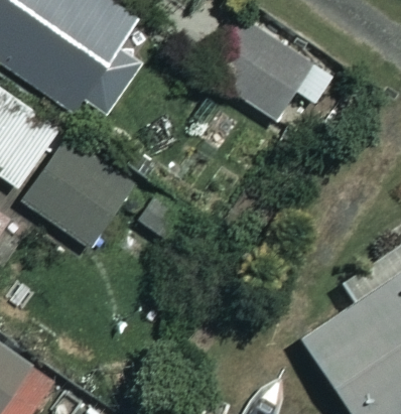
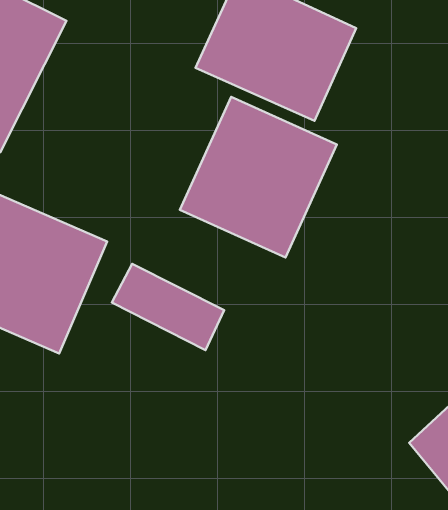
building: none -> [180,97,337,258]

